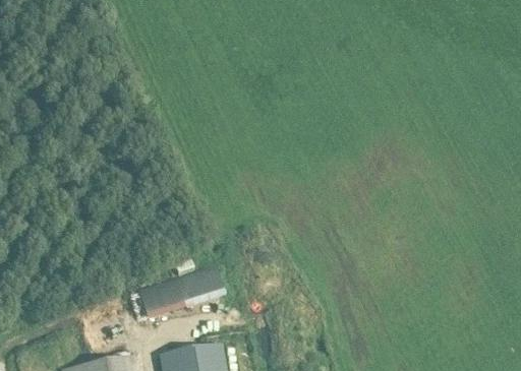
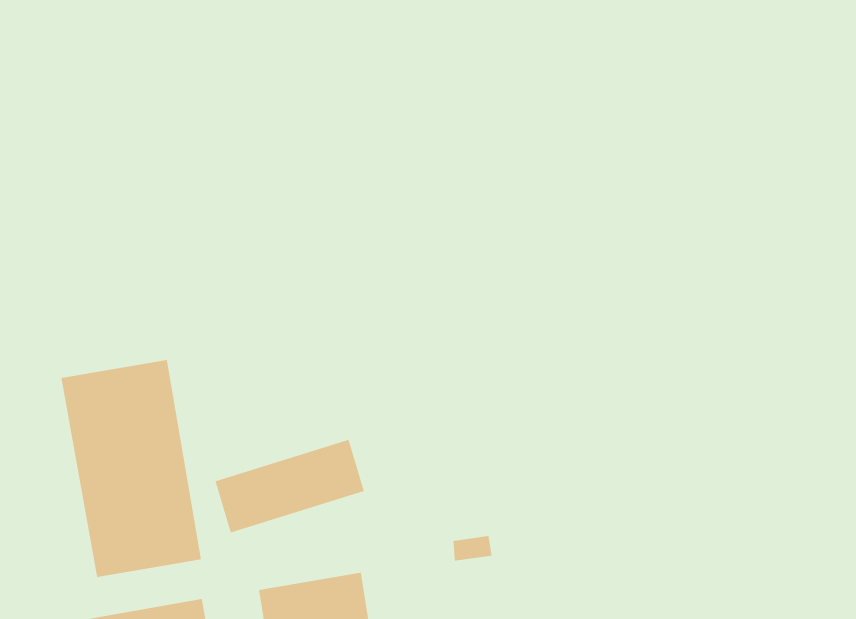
building: none -> [61,359,202,578]

